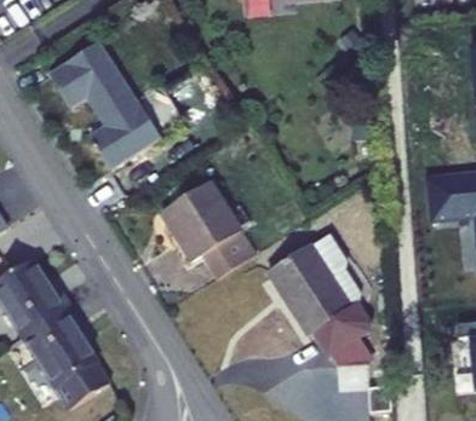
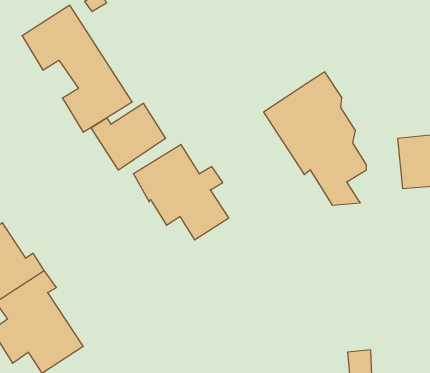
building: none -> [91,103,166,170]
building: [268,232,369,364] -> [264,72,366,205]

